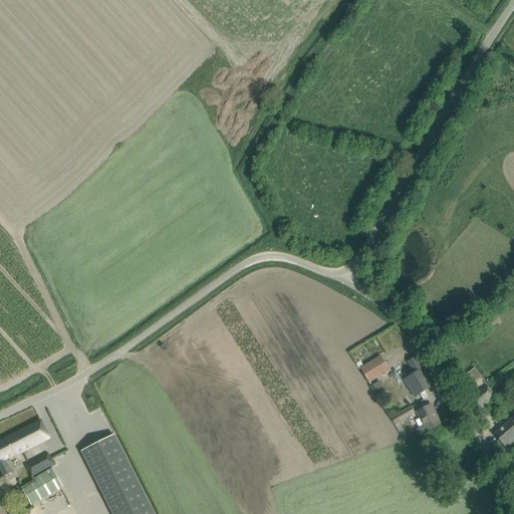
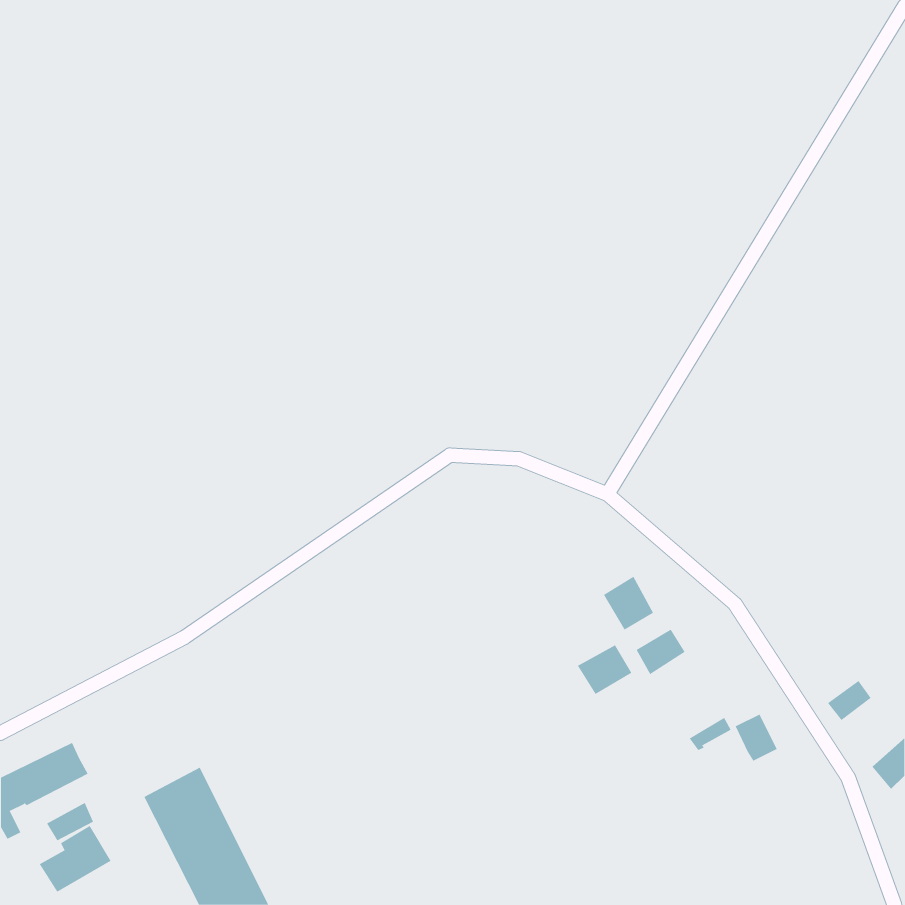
building: none -> [603,576,654,630]
building: [405,358,432,397] -> none
building: none -> [577,645,632,695]

